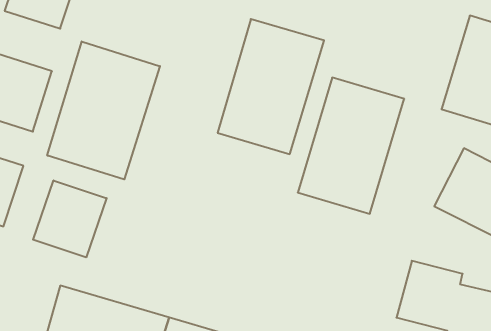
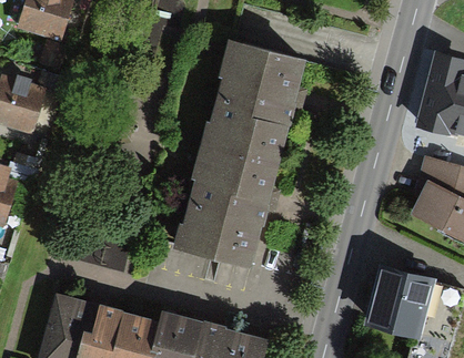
building: [47,41,160,179] -> none
building: [298,78,404,214] -> [173,144,273,272]
building: [33,180,107,257] -> none

